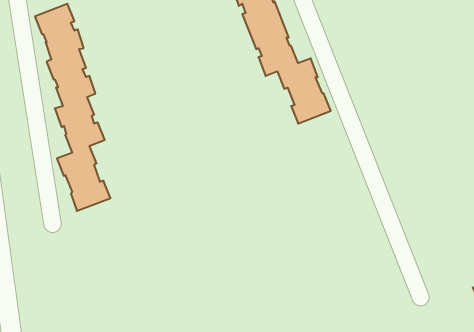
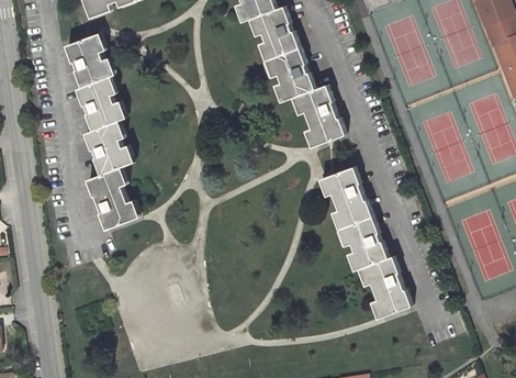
building: none -> [322,166,411,316]

